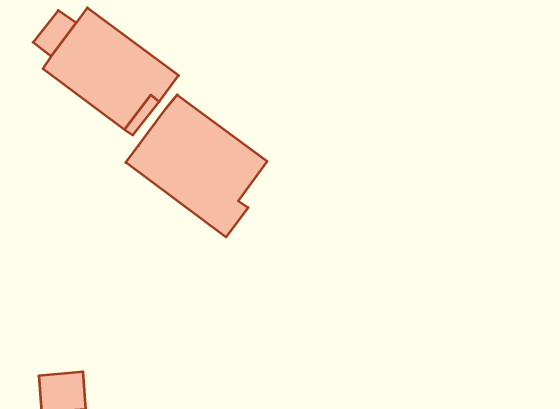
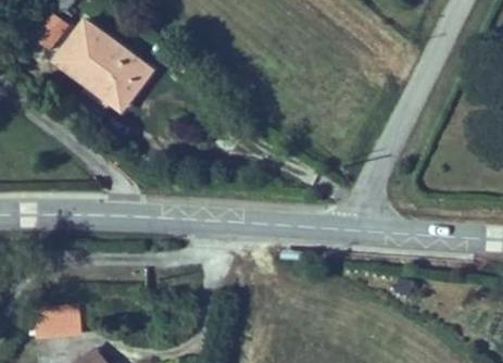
building: [126,95,267,237] -> none

